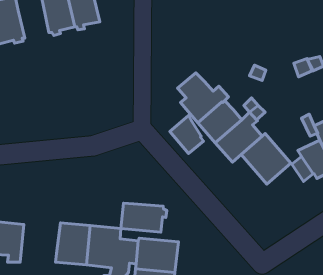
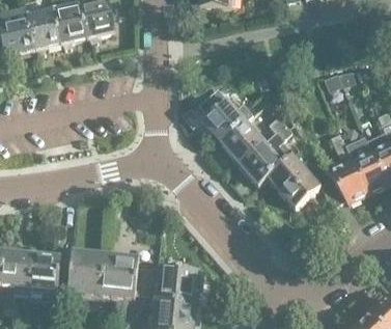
building: none -> [26,15,59,54]
building: [170,116,203,153] -> none
building: [121,203,167,232] -> none
building: none -> [27,252,71,301]

